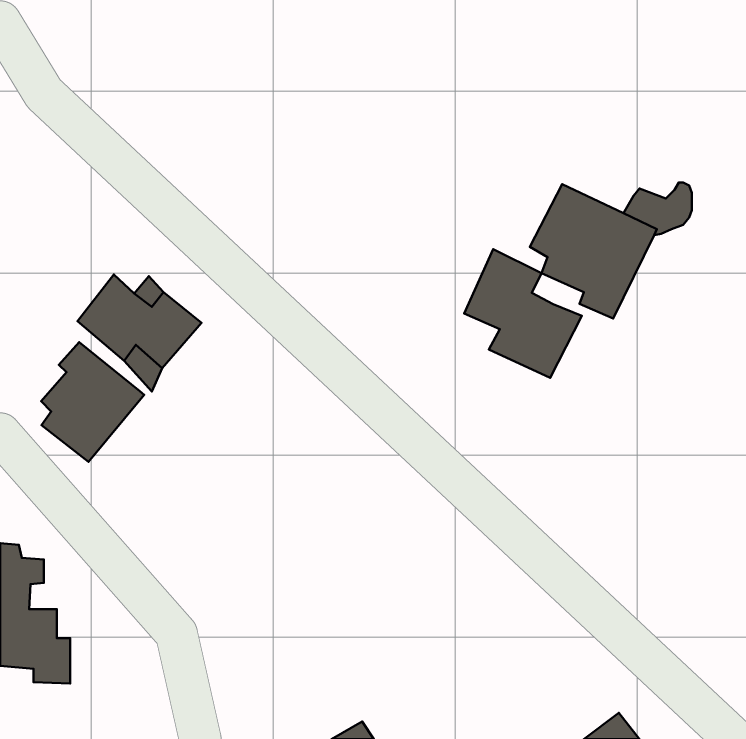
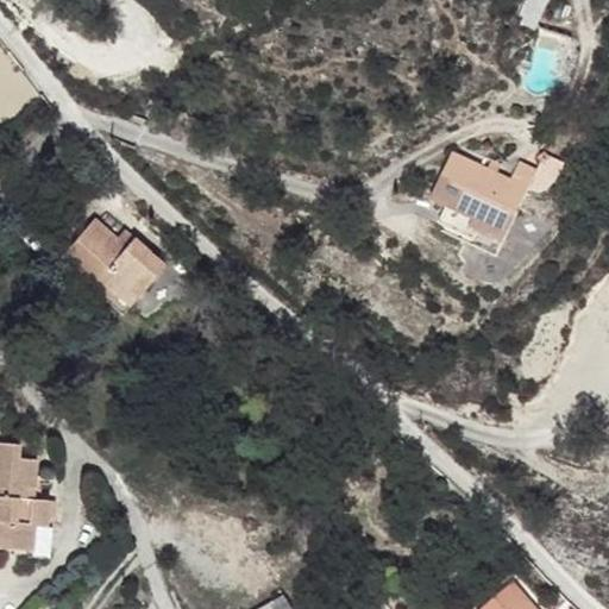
building: [464,249,582,378] -> none
building: [41,342,144,462] -> none

